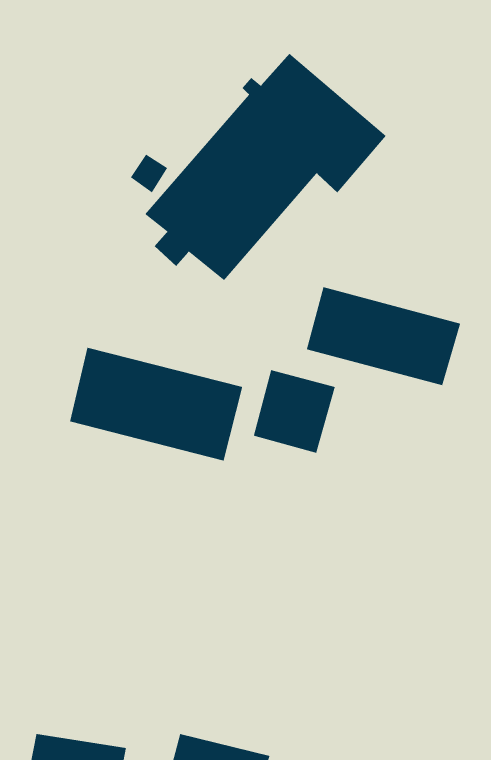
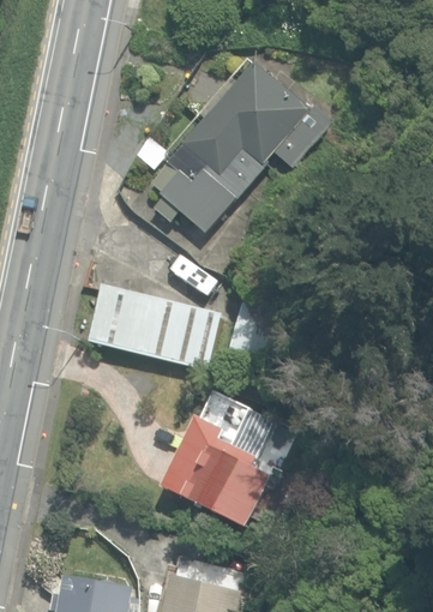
building: [306,286,461,386] -> none
building: none -> [162,390,285,527]

